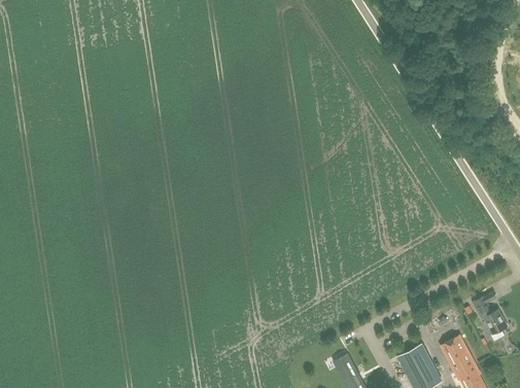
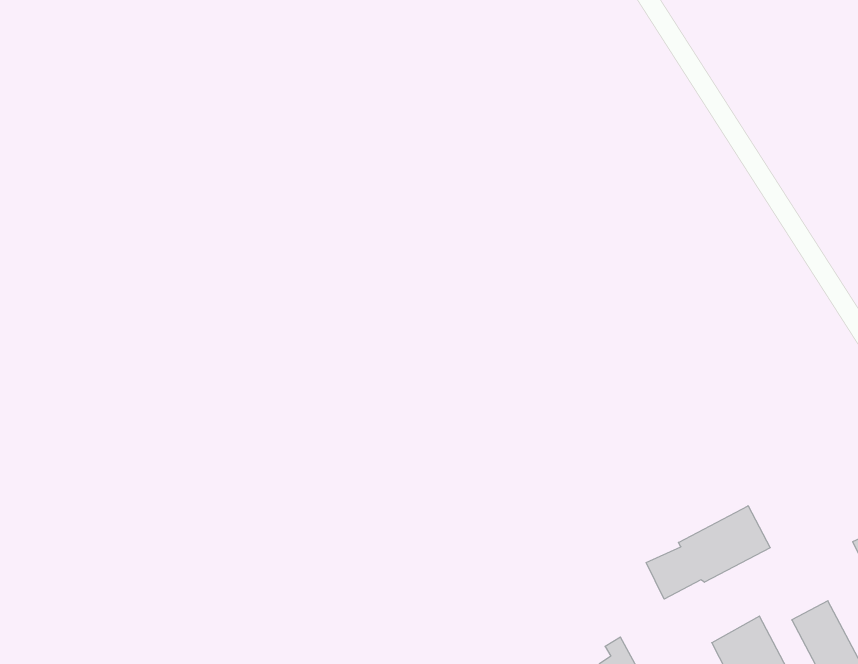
building: none -> [646,506,770,599]

